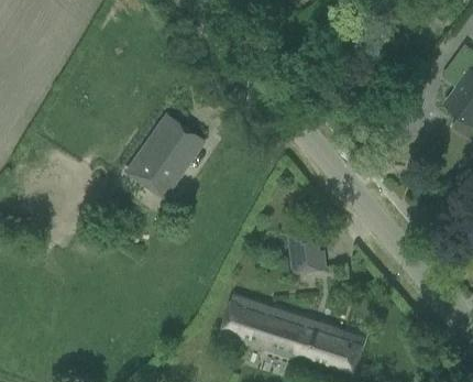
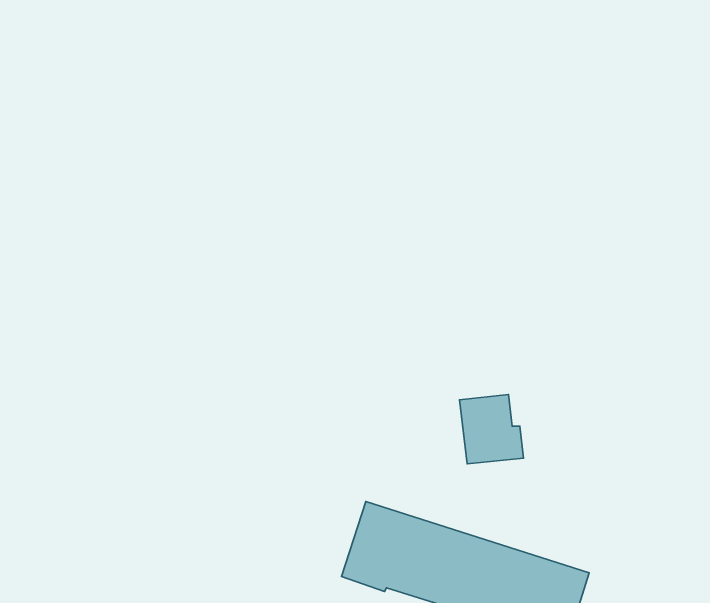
building: [128,116,201,189] -> none

